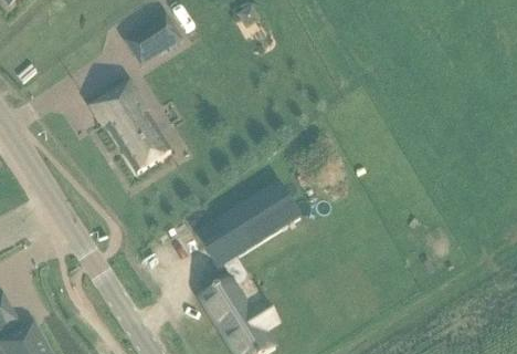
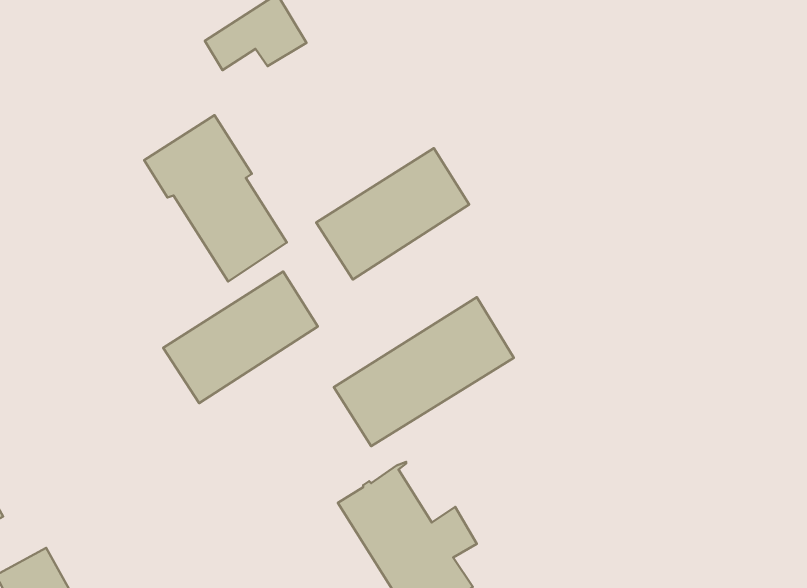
building: none -> [316,148,469,279]
building: none -> [163,272,318,403]

